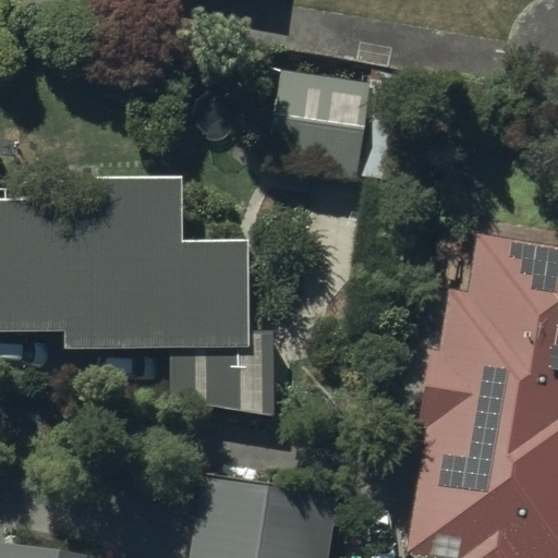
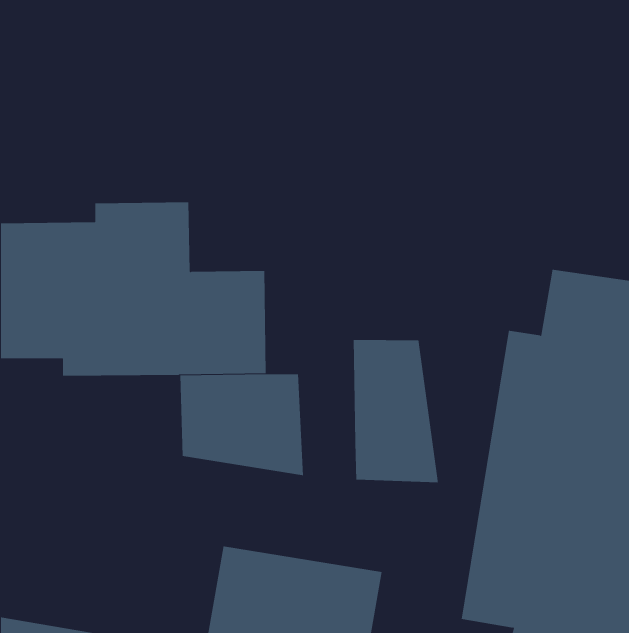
building: [251,66,367,172] -> none
building: none -> [353,339,438,483]

